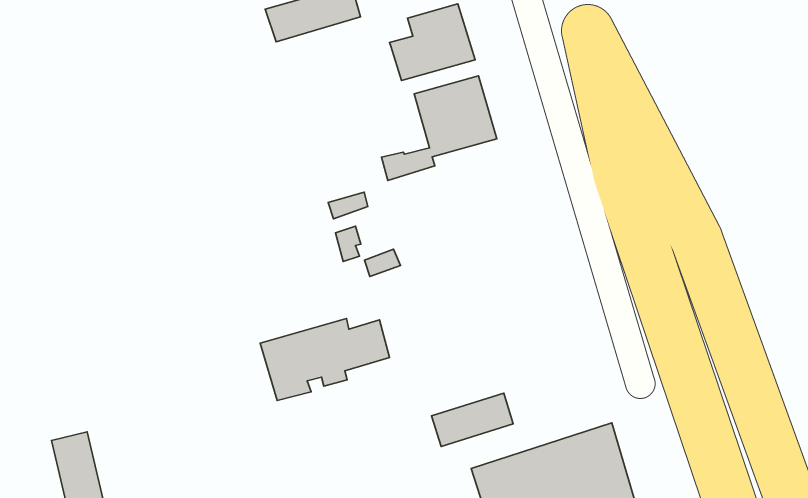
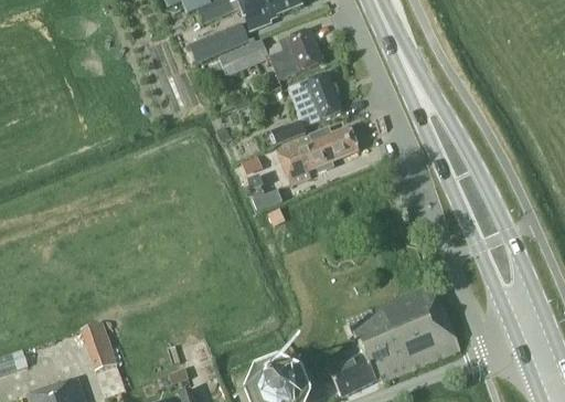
building: none -> [217,38,269,77]
building: [260,318,390,401] -> [275,126,358,183]
building: [432,393,513,447] -> none

